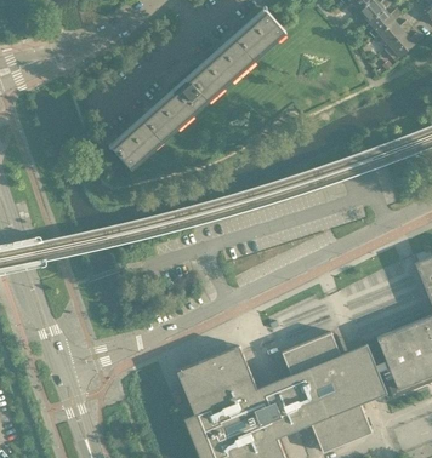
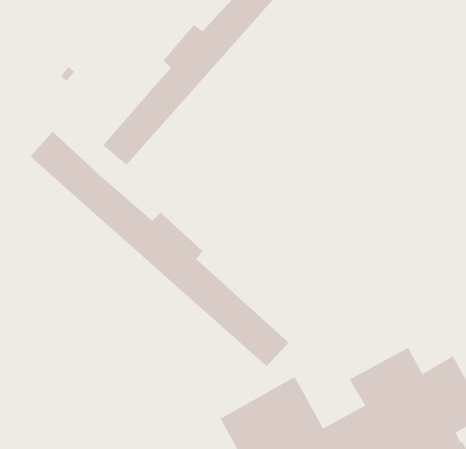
building: none -> [29,130,290,368]

